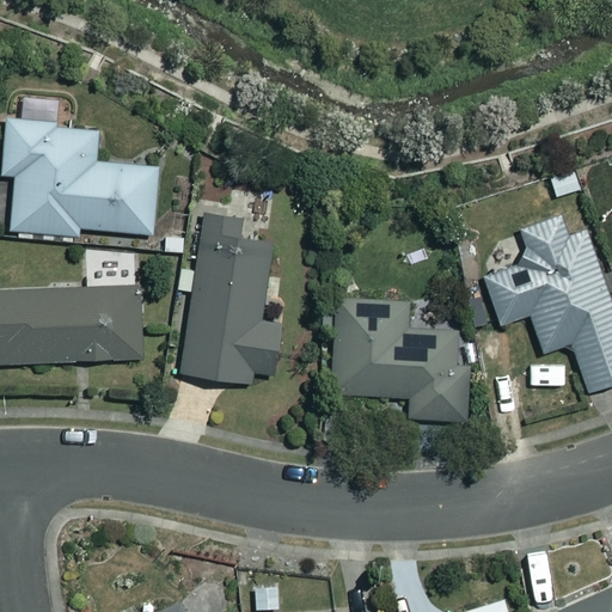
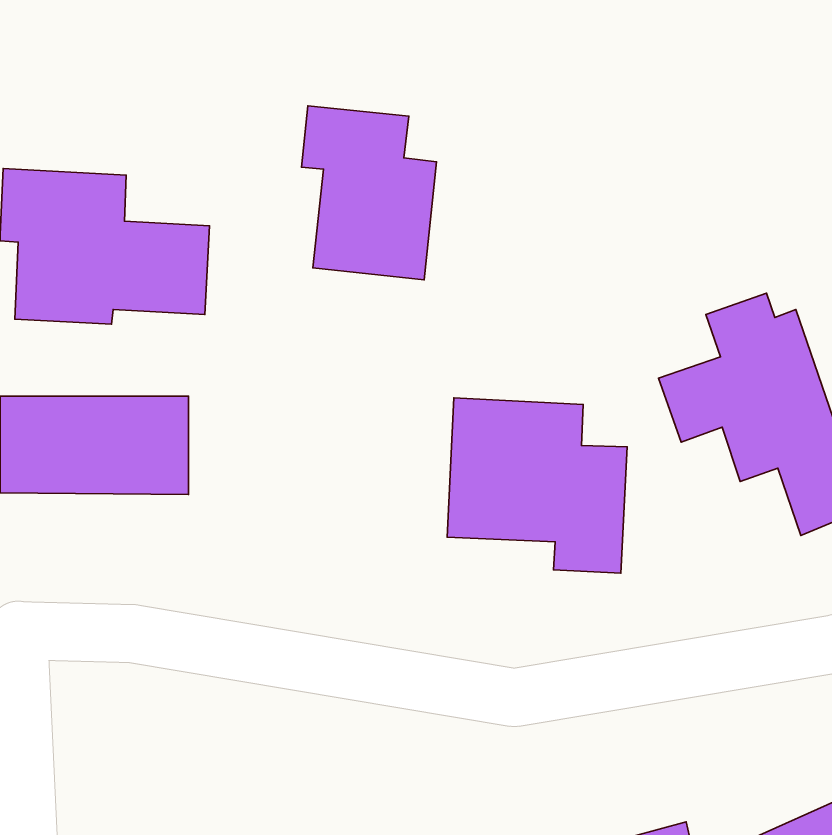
building: none -> [301,106,437,280]
building: [184,215,283,382] -> none

